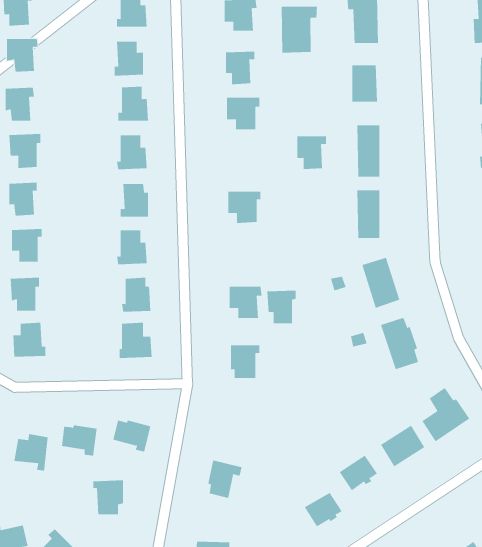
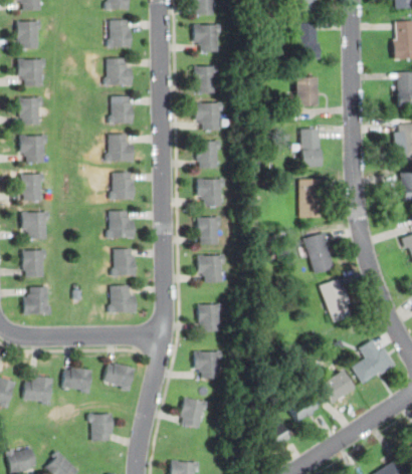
building: [281,6,318,53] -> none
building: [297,136,327,170] -> [195,142,219,169]
building: [267,290,297,324] -> [196,217,220,244]
building: none -> [195,351,222,378]

